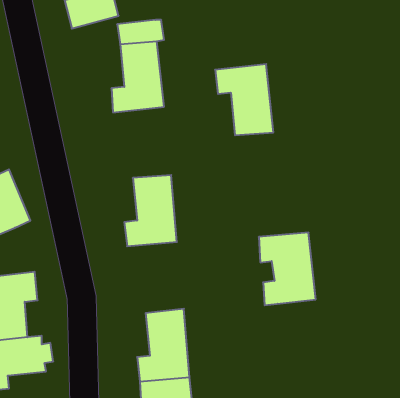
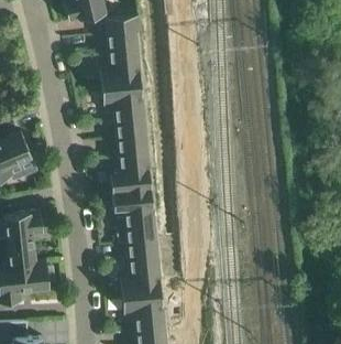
building: [215,64,273,135] -> [102,84,147,139]
building: [259,233,316,305] -> [113,189,157,245]

